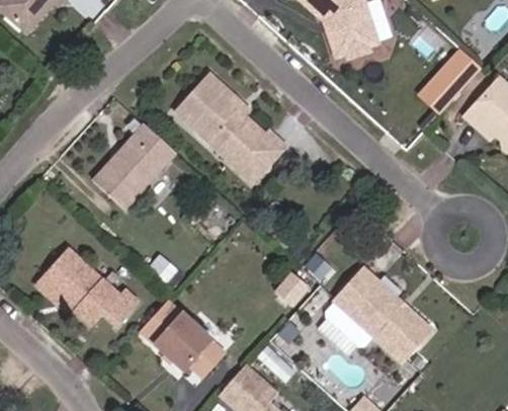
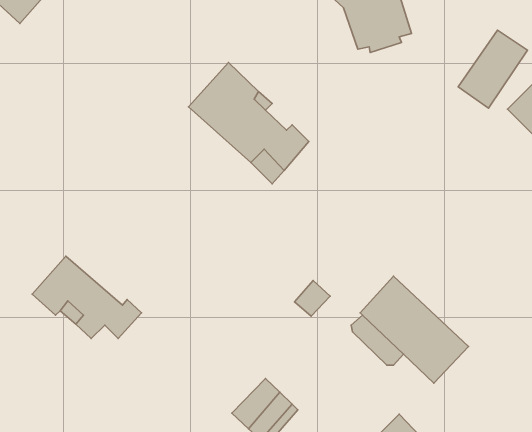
building: [94,125,176,211] -> none
building: [139,295,224,369] -> none

